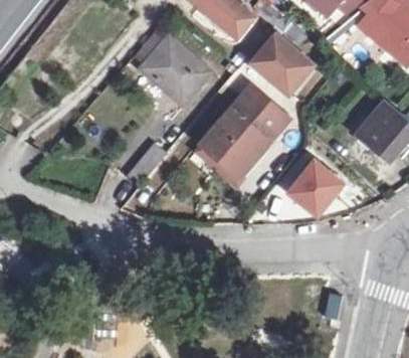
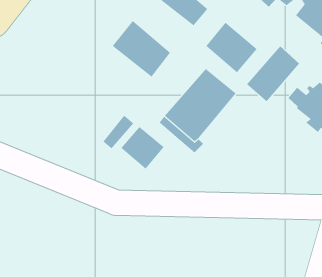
building: none -> [246,46,300,102]
building: none -> [120,126,164,170]
building: [289,160,344,215] -> none

